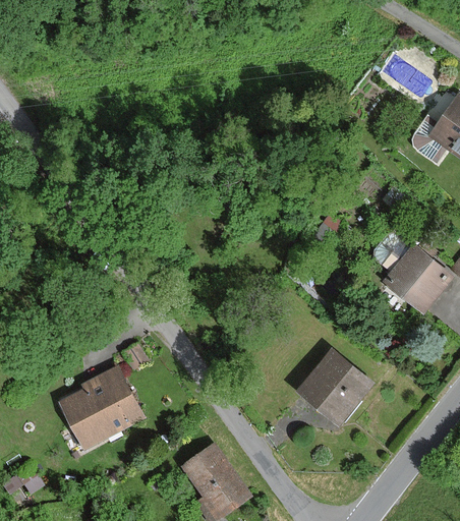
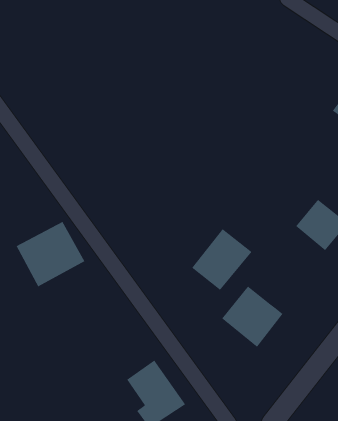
building: none -> [191,228,252,291]
building: [55,367,140,449] -> [16,221,85,287]

